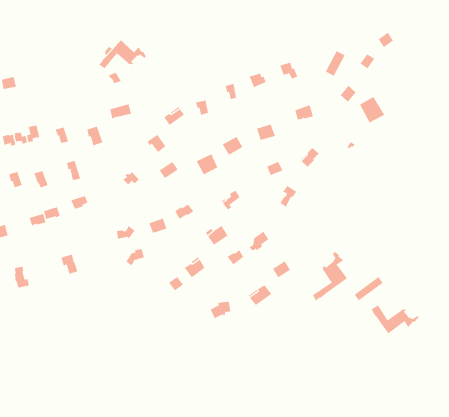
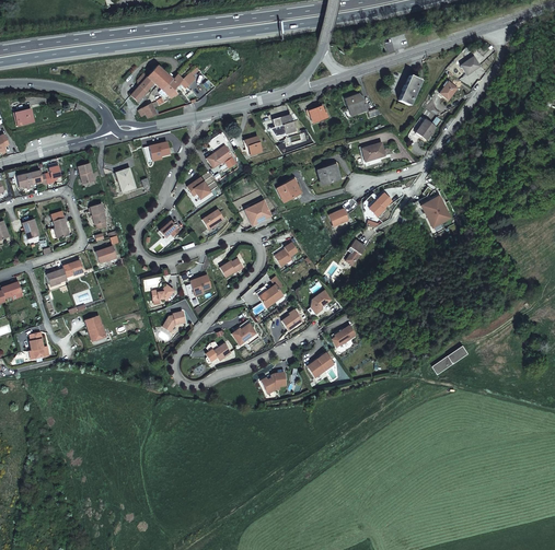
building: [359,96,385,123] -> [420,194,451,225]
building: [312,251,348,302] -> none
building: [370,305,419,334] -> none

